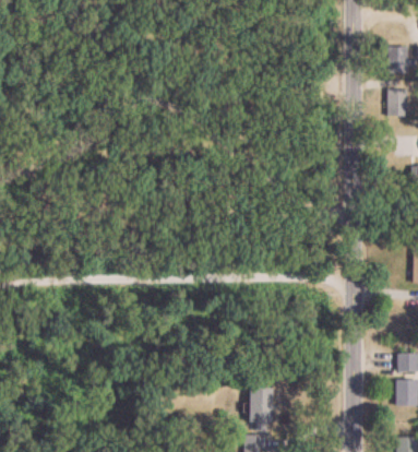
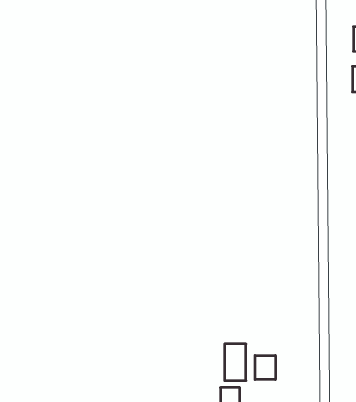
building: none -> [255,355,275,380]

